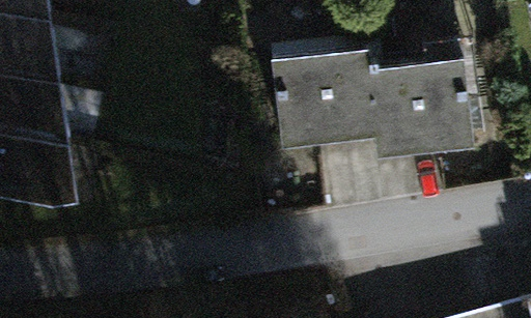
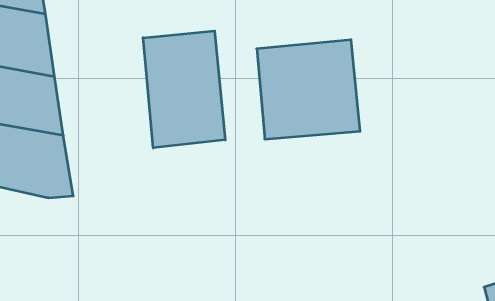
building: none -> [143,31,225,148]
building: [373,57,477,161] -> none

